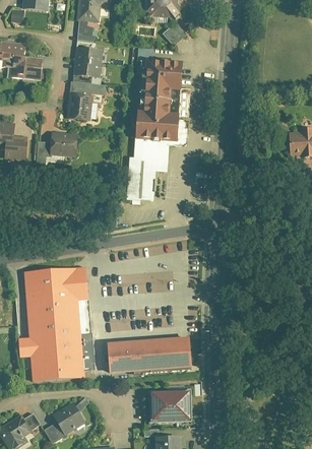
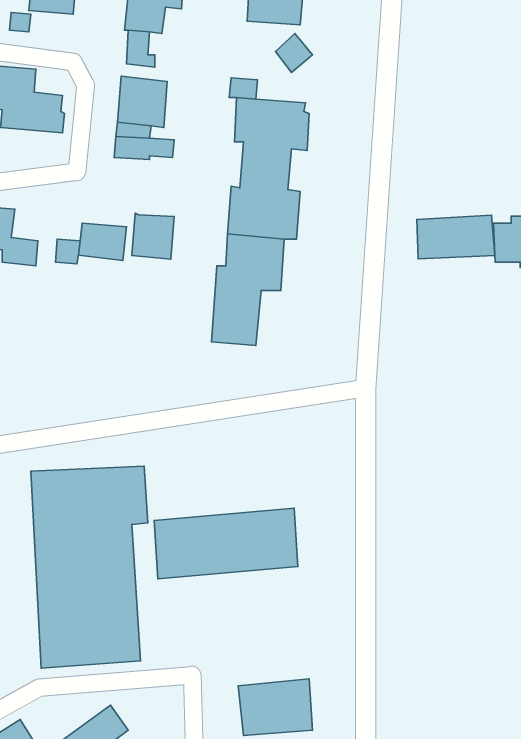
building: [67,92,91,119] -> [132,213,174,259]
building: none -> [417,215,495,259]
building: [111,338,193,379] -> [154,508,298,579]

